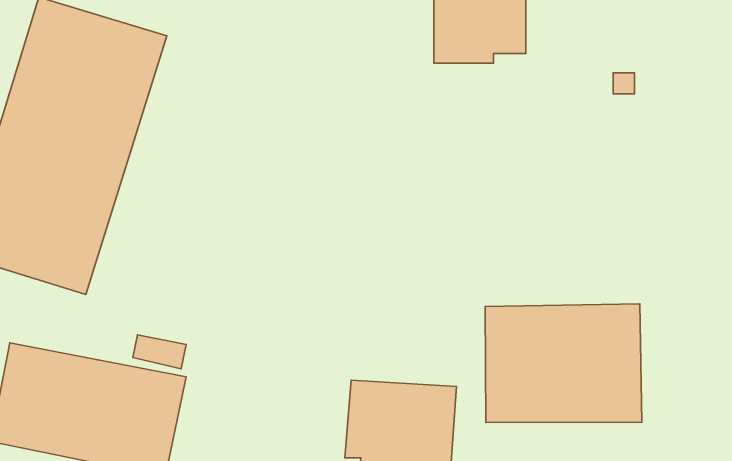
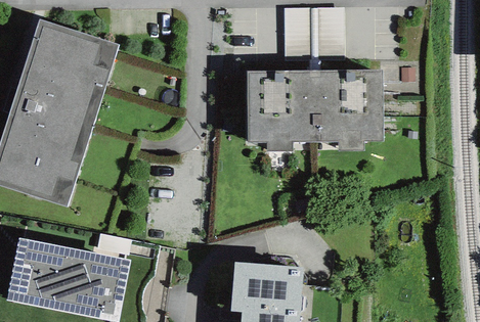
building: none -> [246,68,383,150]
building: [485,304,642,422] -> none

